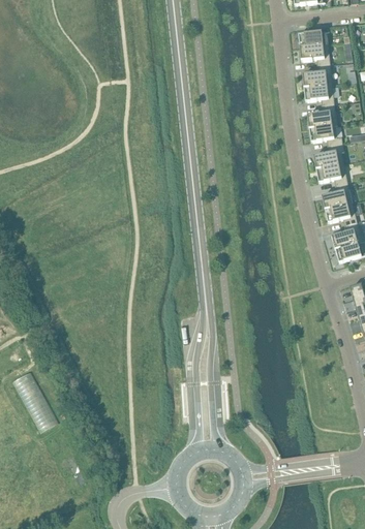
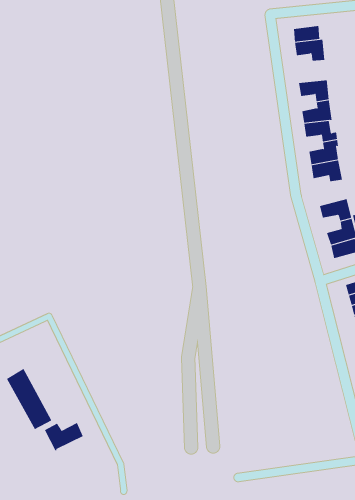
building: [303,64,333,87] -> none
building: [322,183,353,209] -> none
building: none -> [44,422,84,451]

